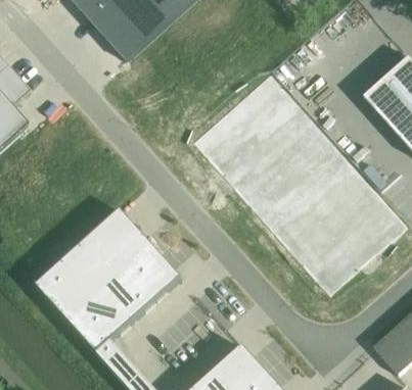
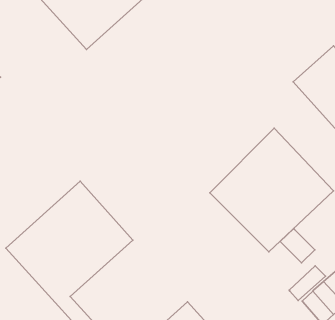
building: [194,75,340,222] -> none
building: none -> [280,228,315,263]
building: none -> [289,266,326,300]

